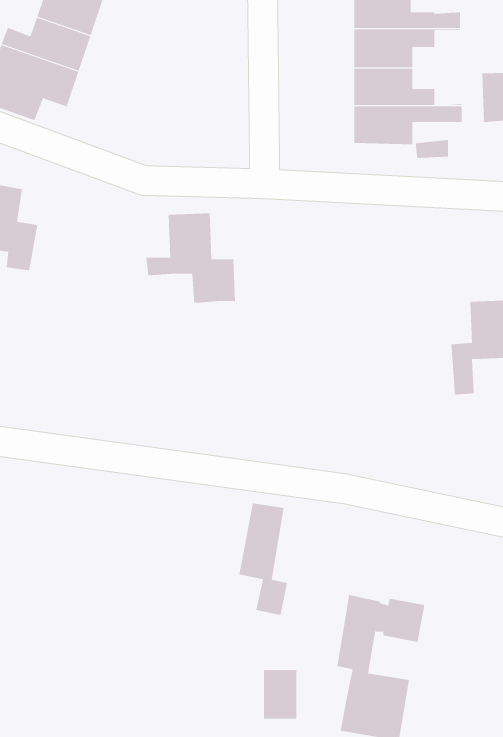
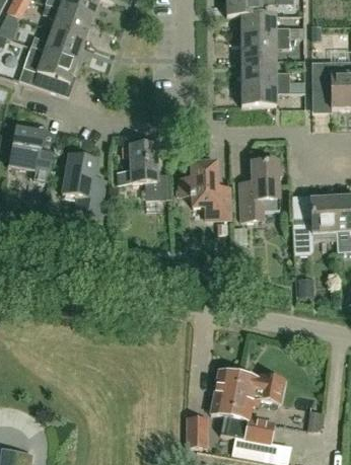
building: none -> [63,155,104,216]
building: none -> [239,159,279,219]
building: none -> [180,162,230,217]
building: [238,503,288,615] -> [210,369,239,436]

